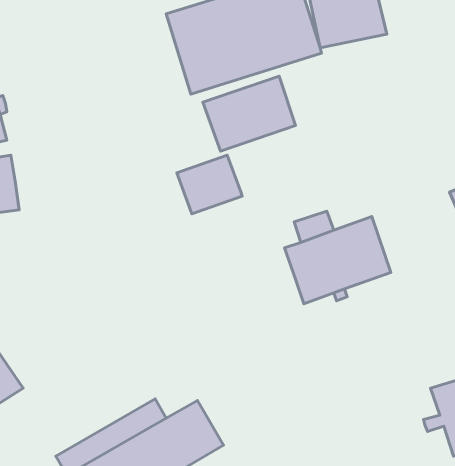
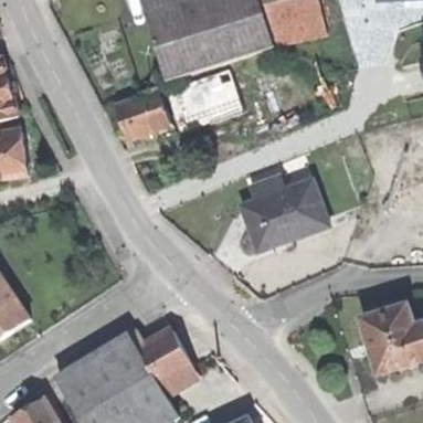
building: [177,155,242,214] -> [116,91,169,138]

